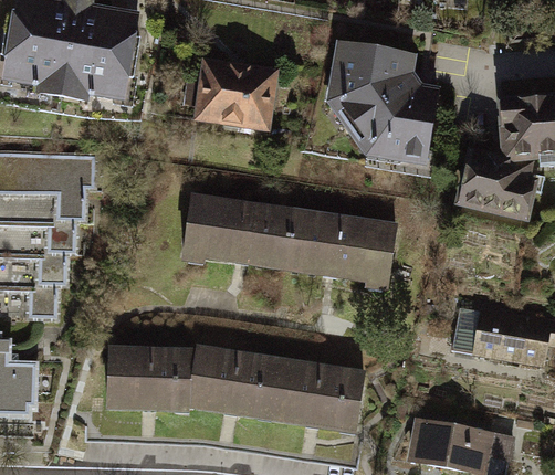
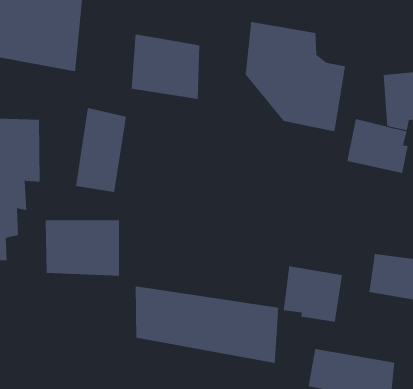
building: none -> [76,107,126,193]
building: [184,192,394,288] -> none
building: none -> [283,266,343,323]
building: [112,345,199,410] -> [45,220,120,276]

